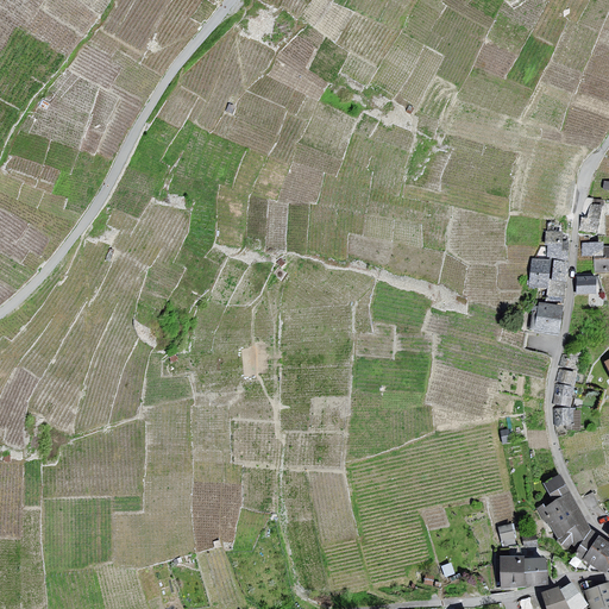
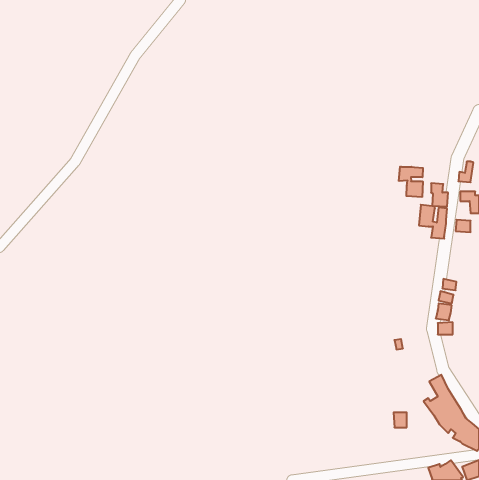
building: none -> [399,167,423,197]
building: [530,304,560,333] -> none
building: [501,557,546,588] -> none

